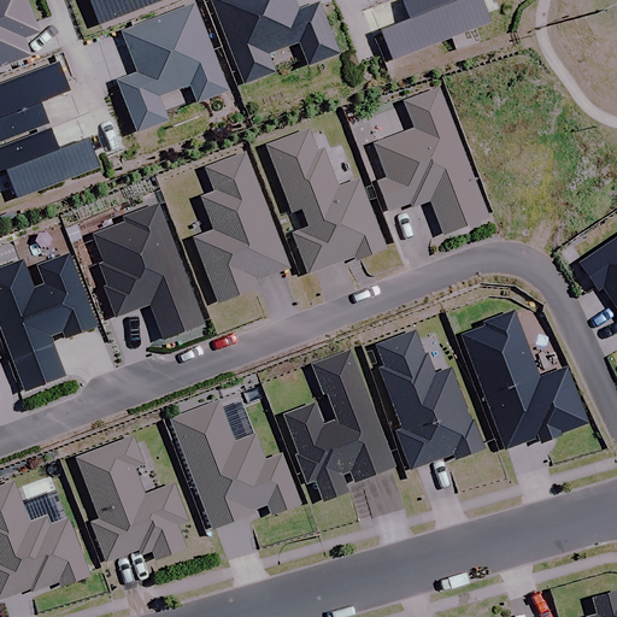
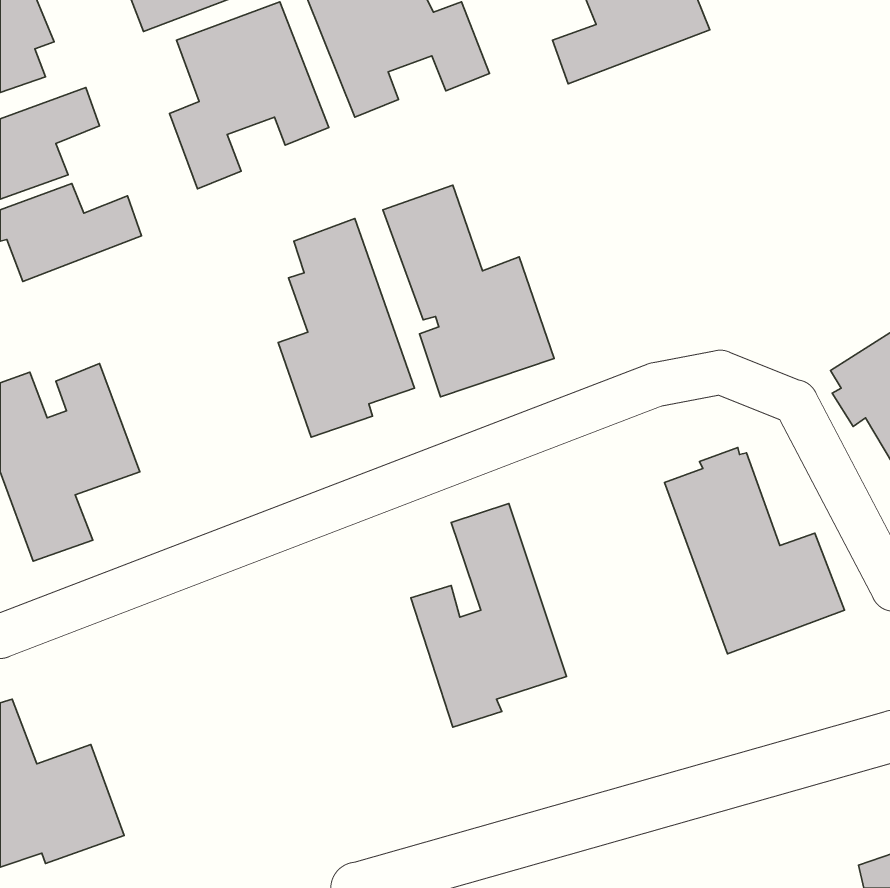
building: [369,87,486,233] -> none
building: [88,200,201,339] -> none
building: [370,315,486,454] -> none
building: [169,399,299,528] -> none
building: [75,435,193,562] -> none

